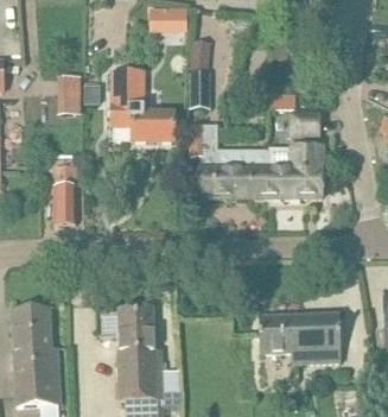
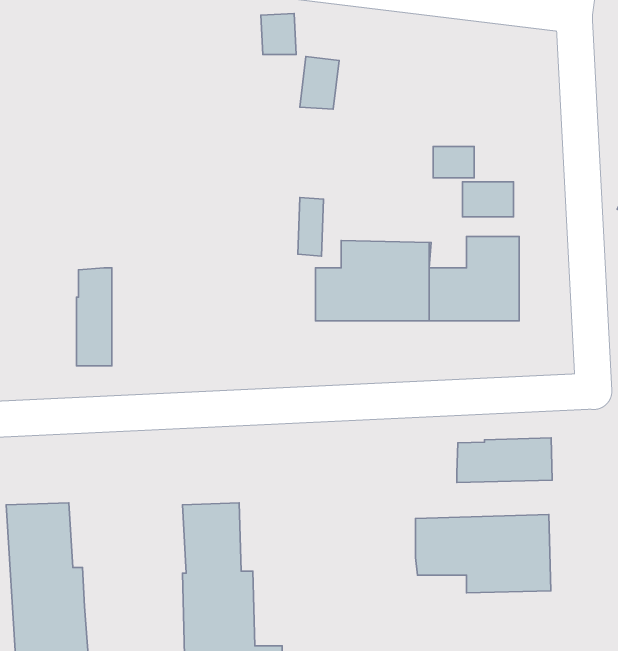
building: [106,70,173,139] -> none
building: [187,71,210,107] -> none
building: [59,72,81,112] -> none
building: none -> [457,438,552,483]

